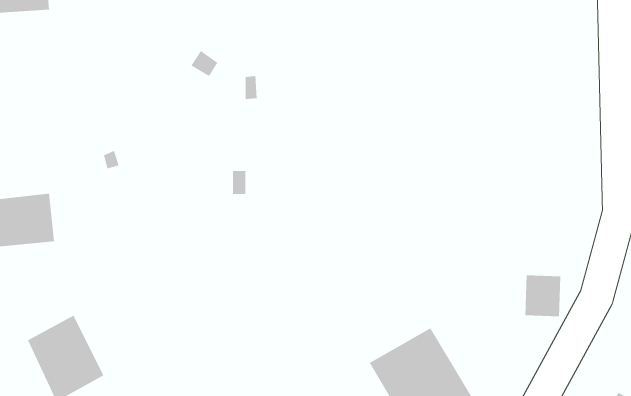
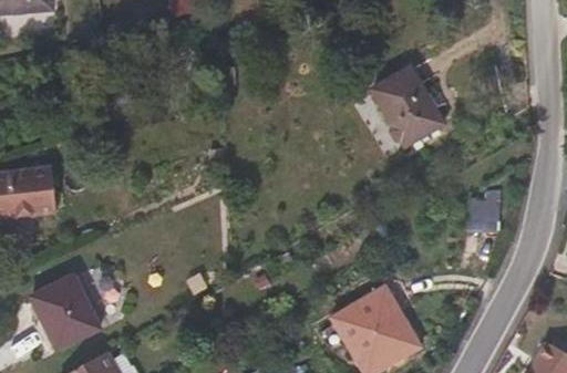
building: none -> [372,69,442,146]
building: [524,275,561,317] -> [468,190,501,227]

